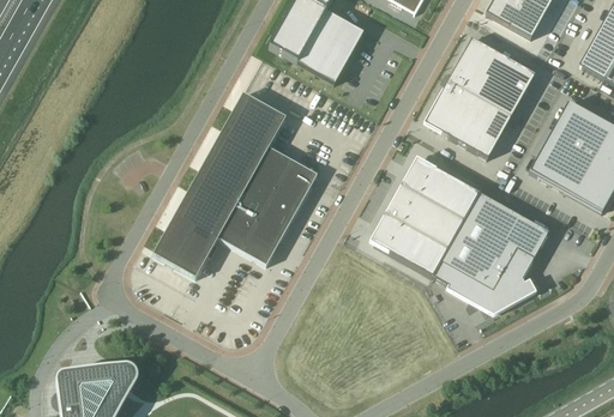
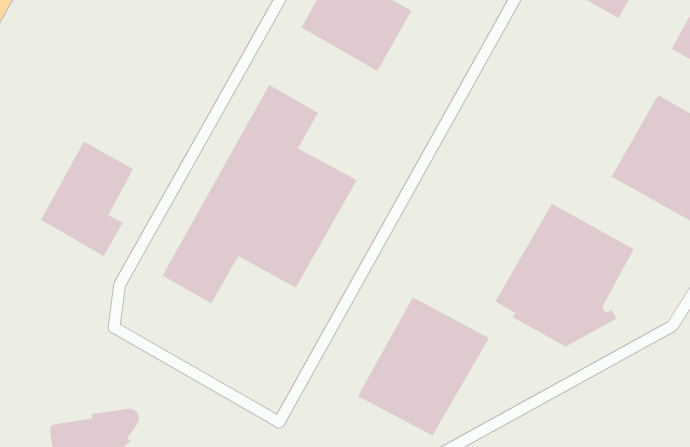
building: [423,37,534,156] -> none
building: none -> [40,140,134,257]
building: [368,156,480,273] -> [357,296,490,437]

